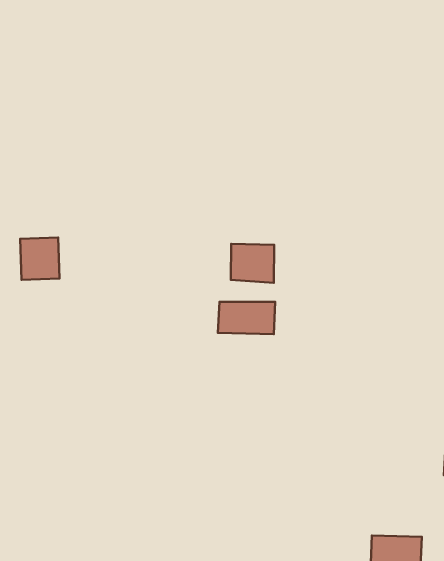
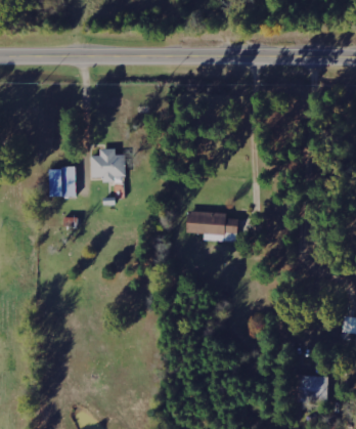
building: none -> [91,148,126,182]
building: [231,244,274,283] -> none

